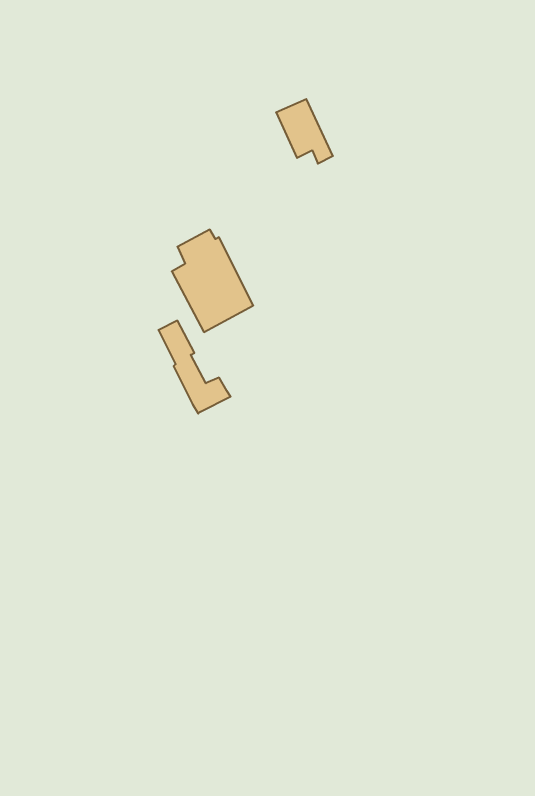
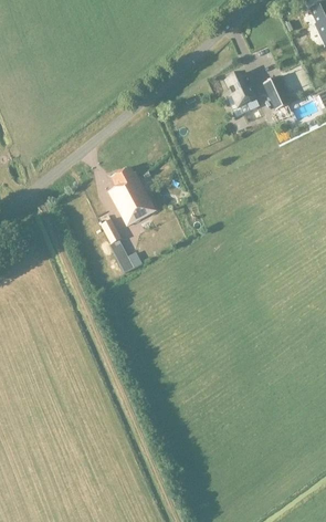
building: none -> [265,75,293,108]
building: [276,99,333,164] -> [228,72,261,109]

